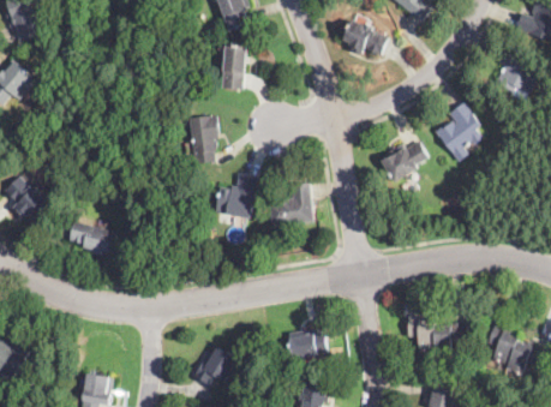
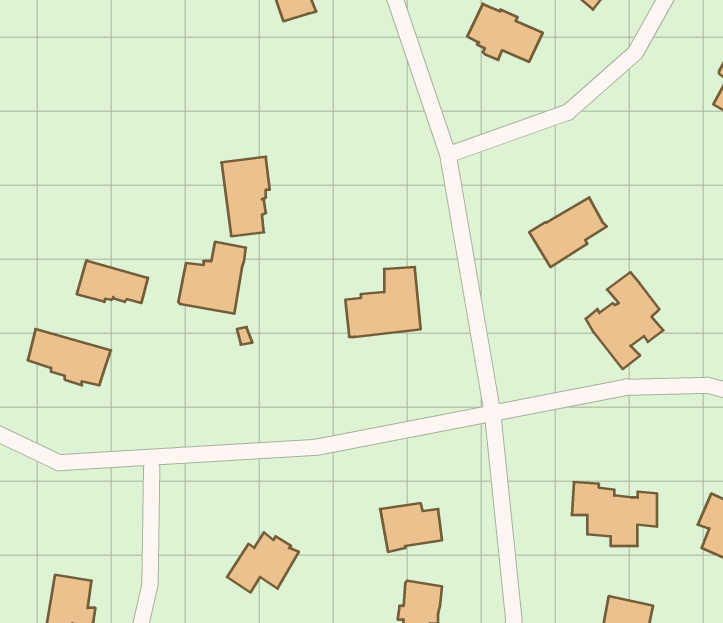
building: [220,44,245,89] -> none
building: [433,102,481,162] -> [586,272,663,369]
building: [214,174,256,219] -> [178,242,246,314]
building: none -> [77,260,148,303]

